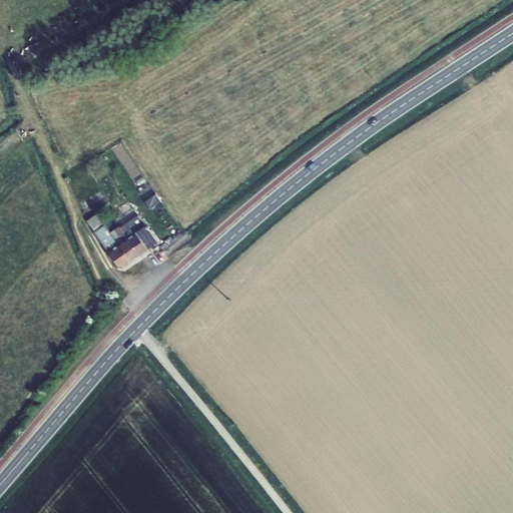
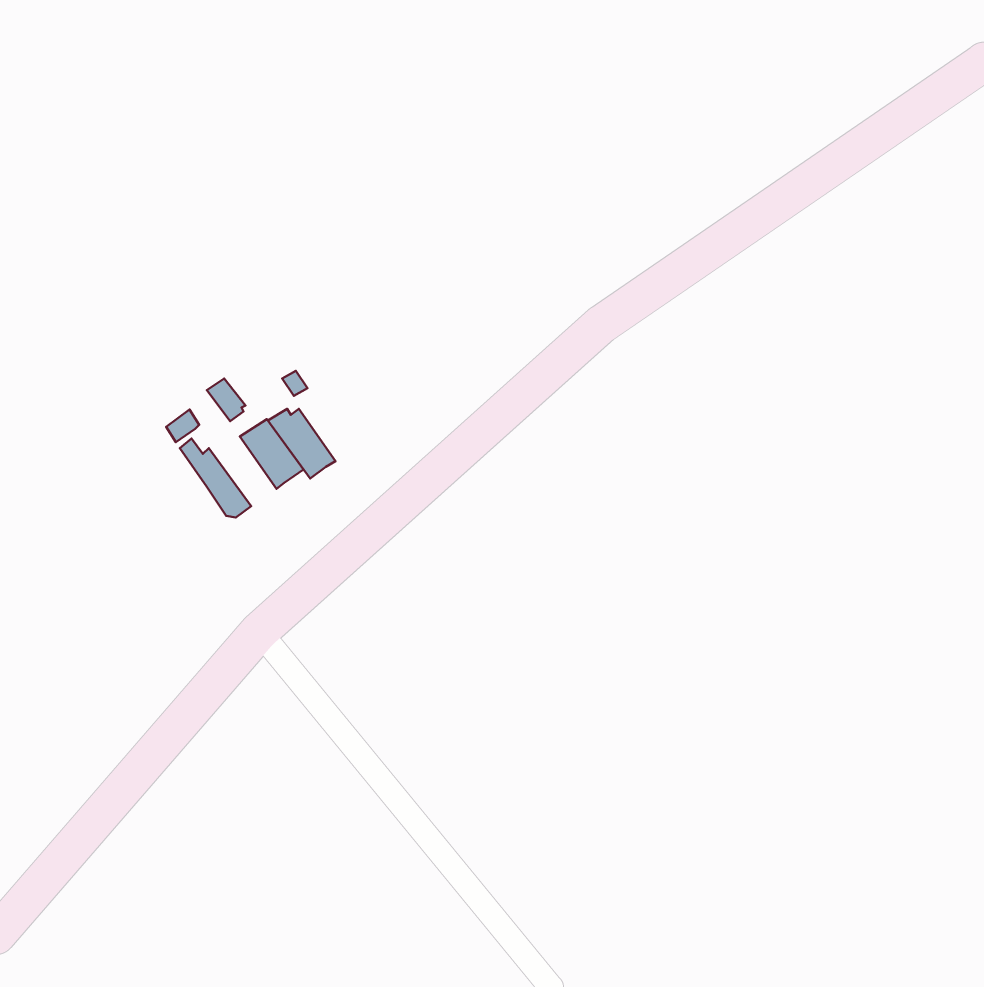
building: [108,226,143,263] -> [268,409,335,478]

